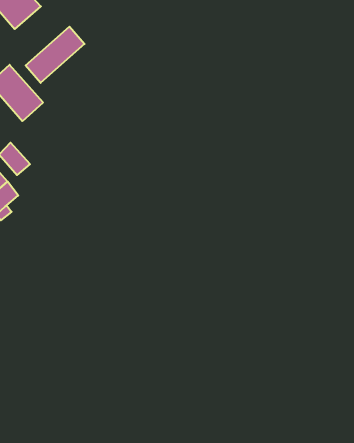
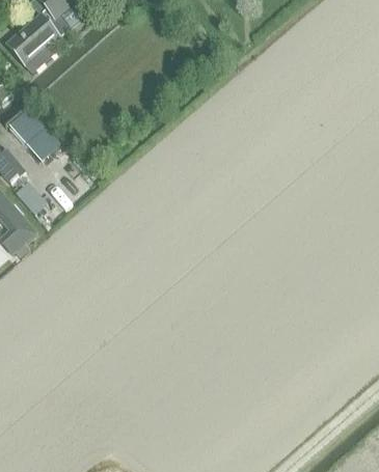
building: [26,27,85,83] -> none

